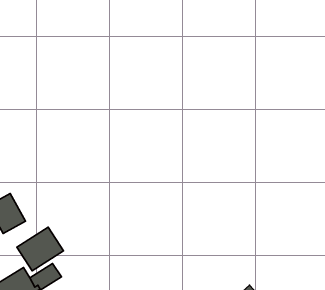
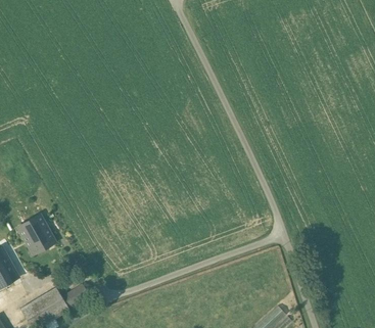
building: [17,227,64,271] -> none

